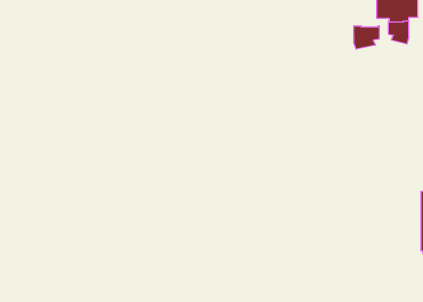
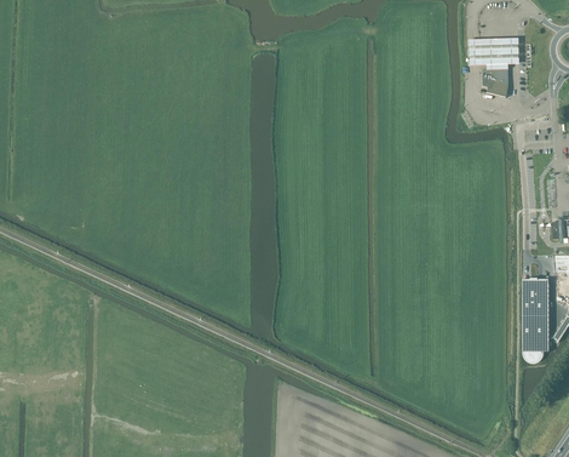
building: [354,26,379,49] -> none

